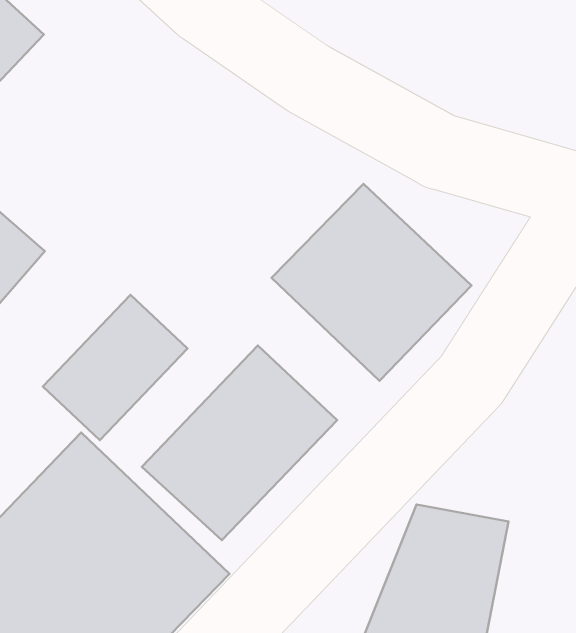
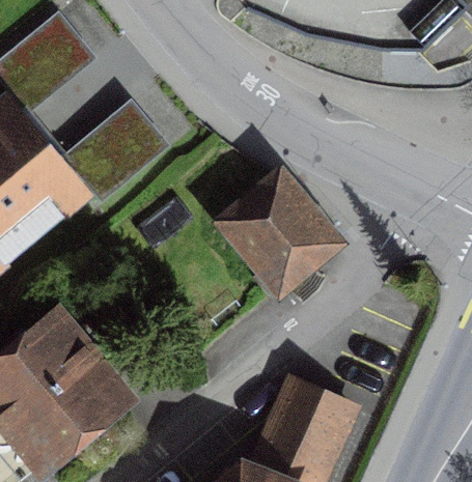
building: [43,295,187,440] -> [65,100,162,191]
building: [142,345,337,540] -> none

